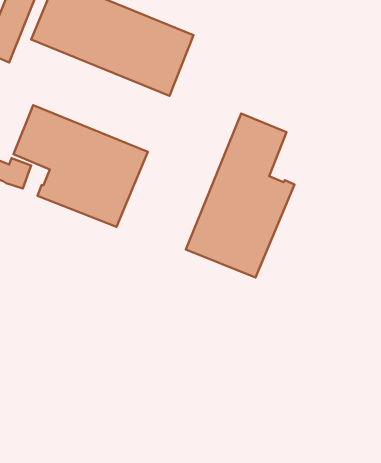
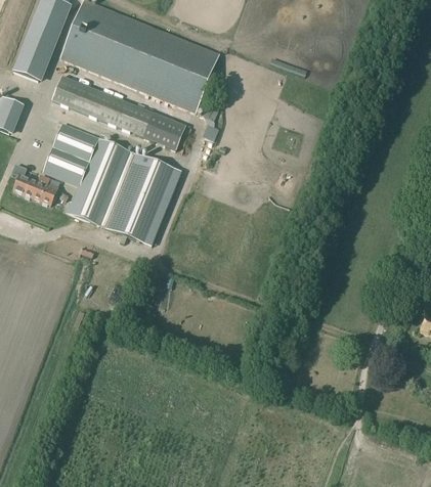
building: none -> [51,76,186,150]
building: [186,114,294,277] -> none

